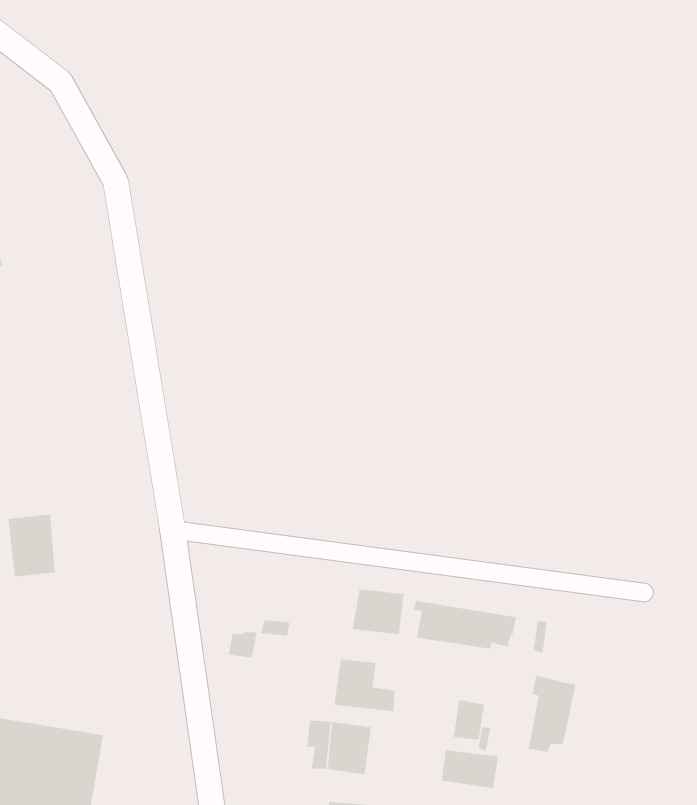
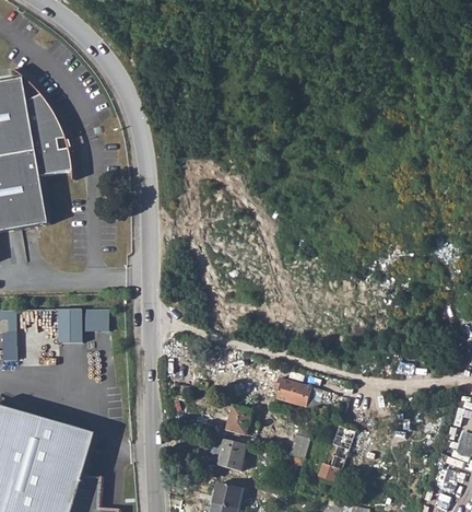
building: none -> [83,309,107,330]
building: [352,589,405,635] -> none
building: [441,750,499,789] -> none

